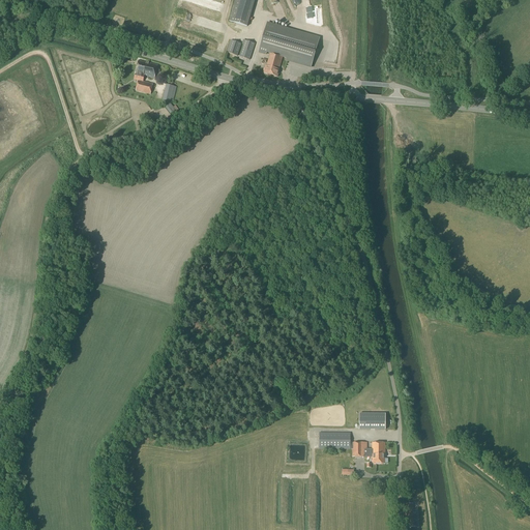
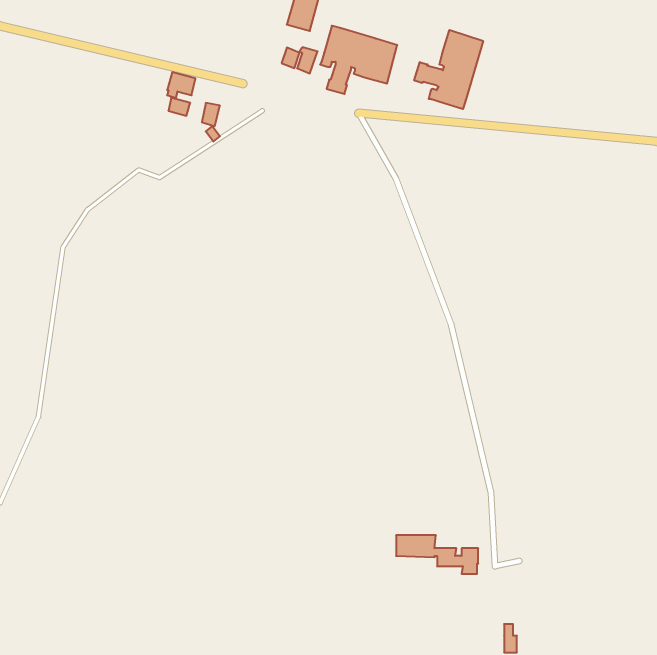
building: none -> [414,30,483,109]
building: [359,412,386,428] -> none

